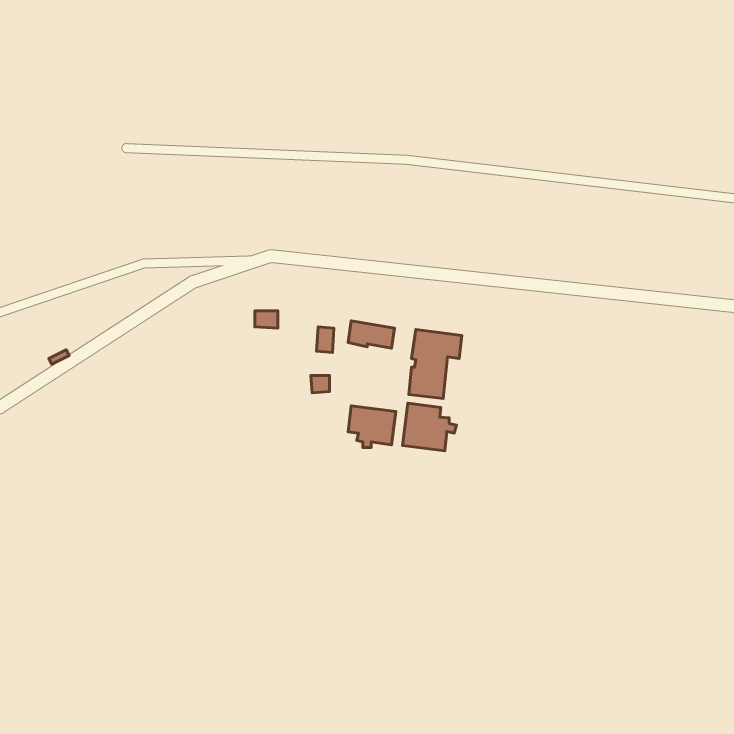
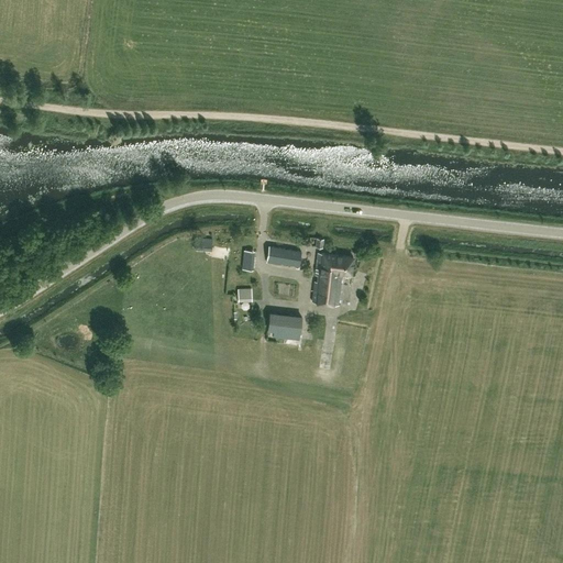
building: [402,403,456,451] -> none

